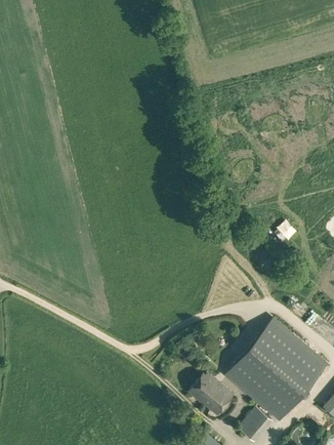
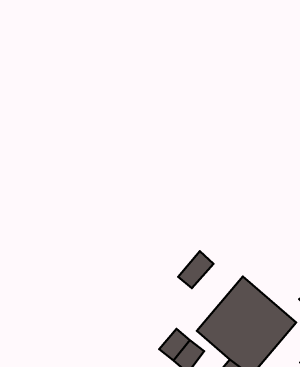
building: none -> [178,251,213,288]

